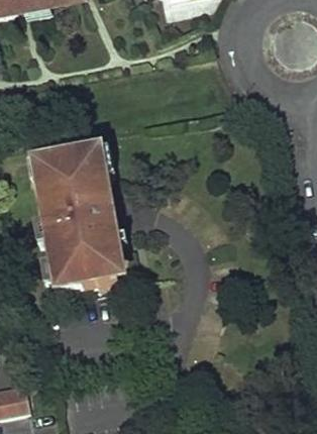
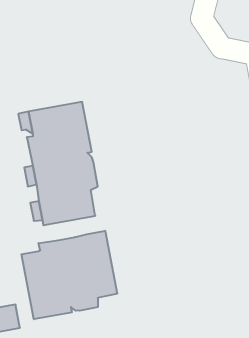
building: none -> [21,231,117,319]

